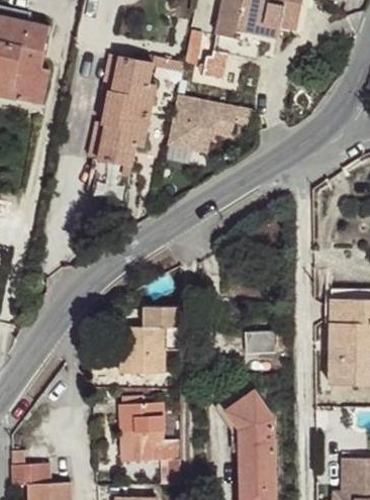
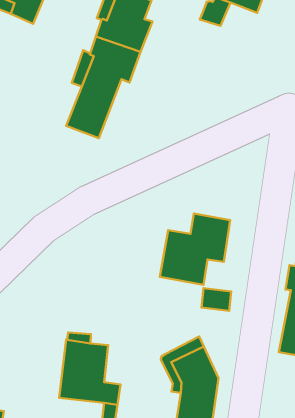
building: [166,94,251,152] -> none
building: [120,306,180,374] -> [160,213,230,285]

